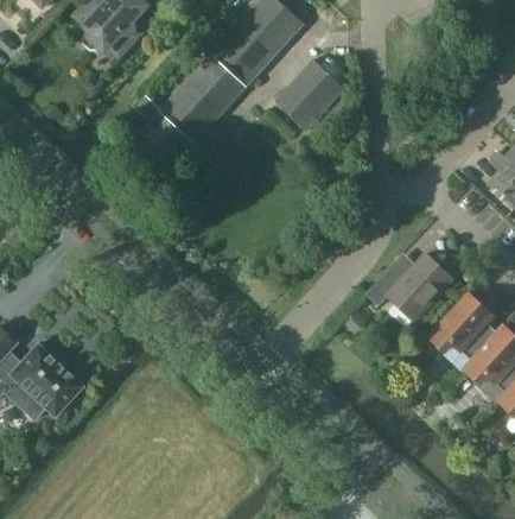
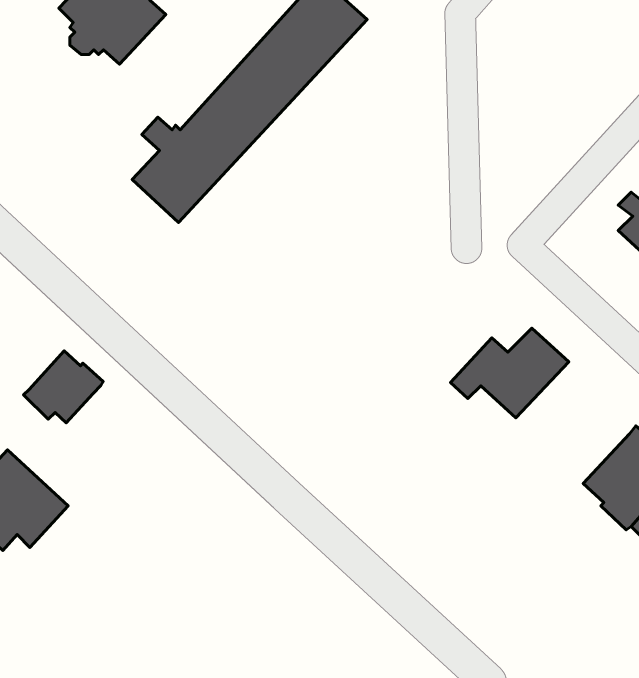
building: [275,53,351,131] -> none
building: none -> [24,351,103,423]
building: [430,292,498,371] -> none

